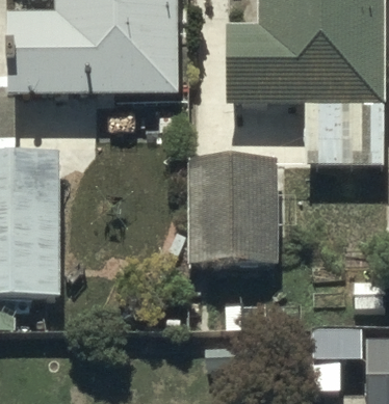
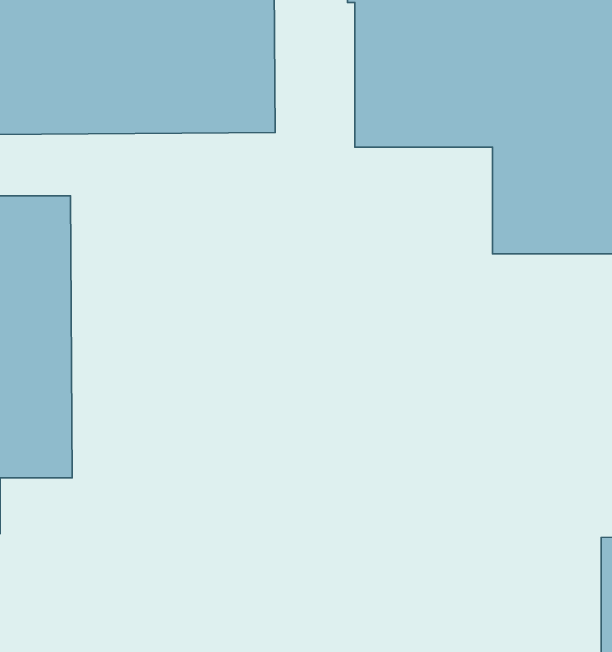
building: [187,154,277,260] -> none

